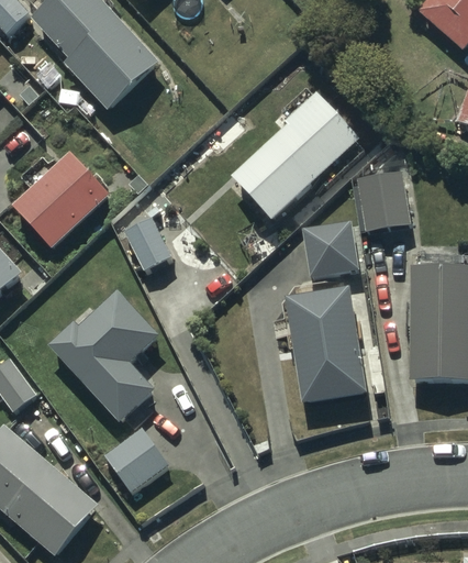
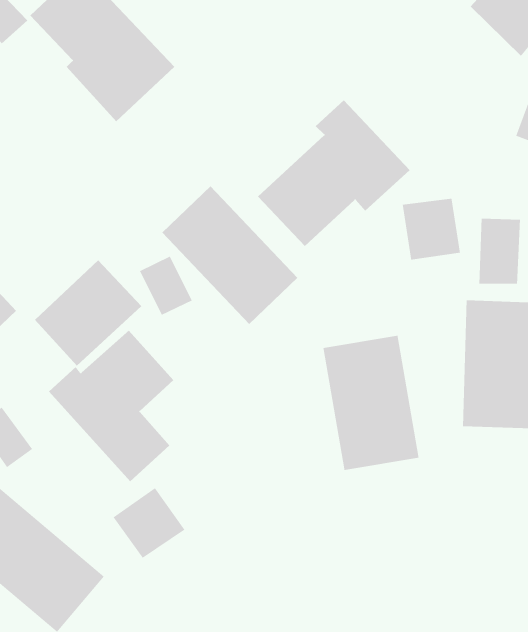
building: [14,153,109,246] -> [34,260,142,366]
building: none -> [162,185,298,325]
building: none -> [478,218,521,284]
building: [304,227,363,284] -> none

